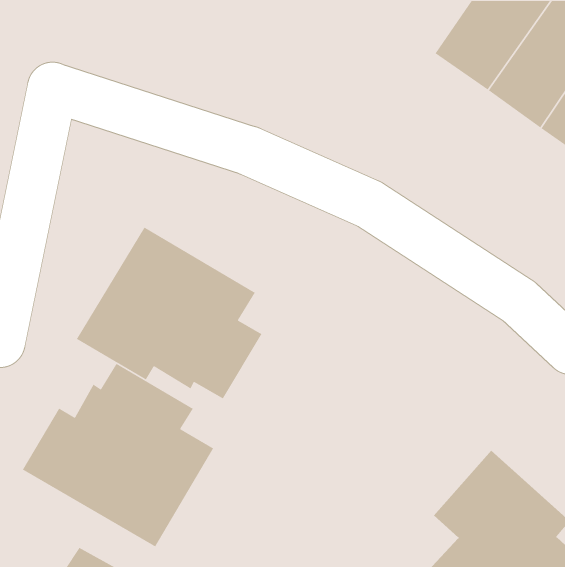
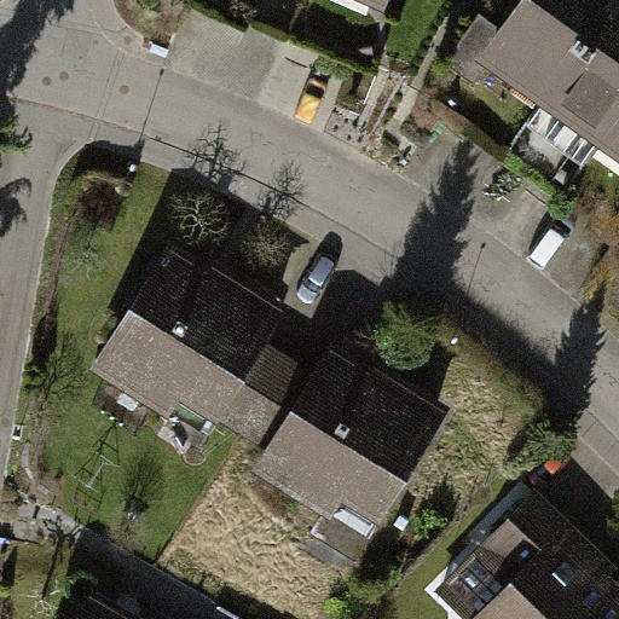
building: none -> [248,342,444,526]
building: [22,363,214,547] -> none

